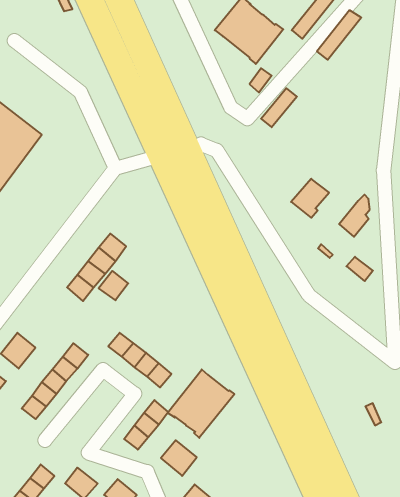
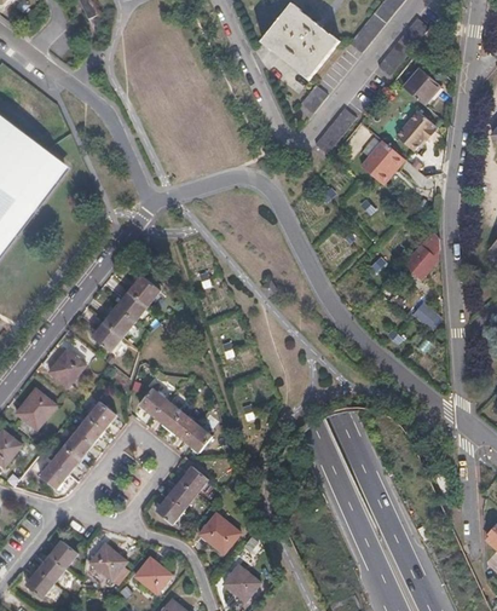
building: none -> [404,67,440,104]
building: none -> [397,110,435,150]
building: [291,179,329,218] -> [360,140,404,185]
building: [99,271,128,300] -> none
building: none -> [48,350,86,386]
building: [168,369,234,438] -> none

